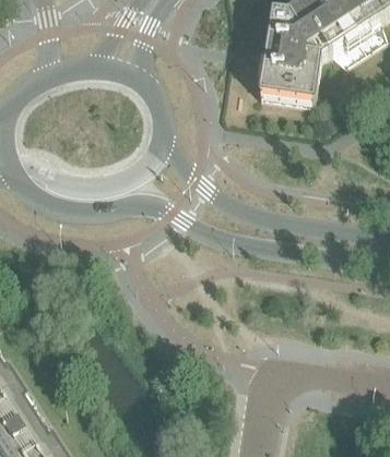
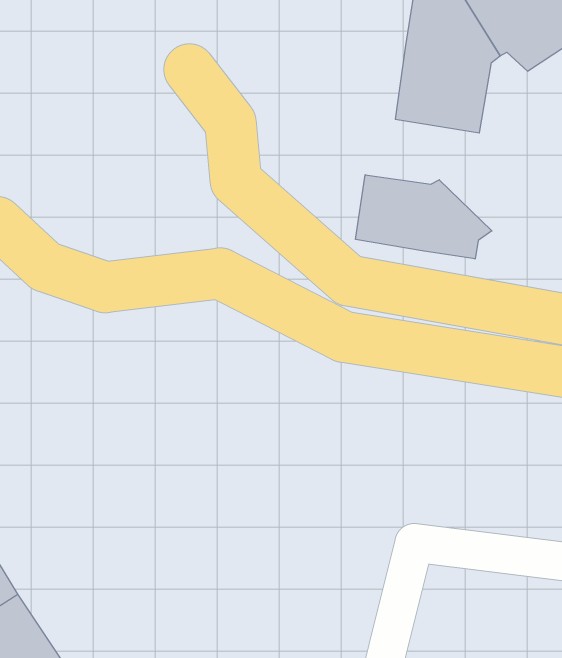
building: none -> [356,175,492,259]

